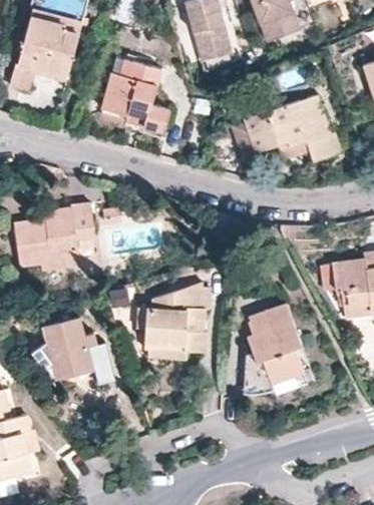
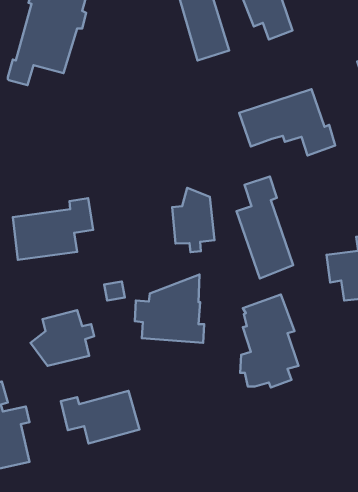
building: [104,58,169,133] -> none
building: none -> [236,176,293,278]
building: none -> [172,188,215,252]
building: none -> [61,391,140,443]

